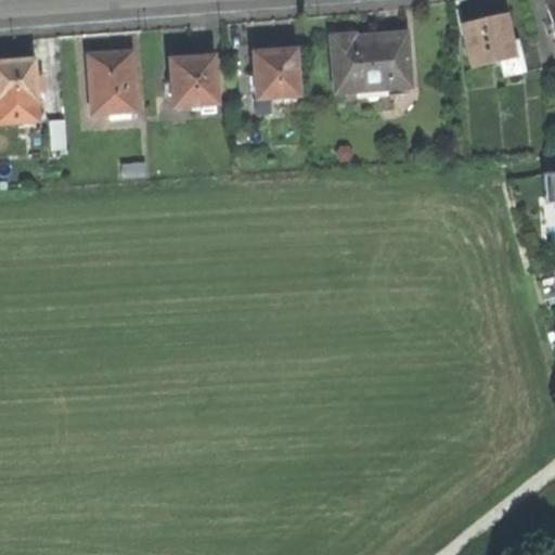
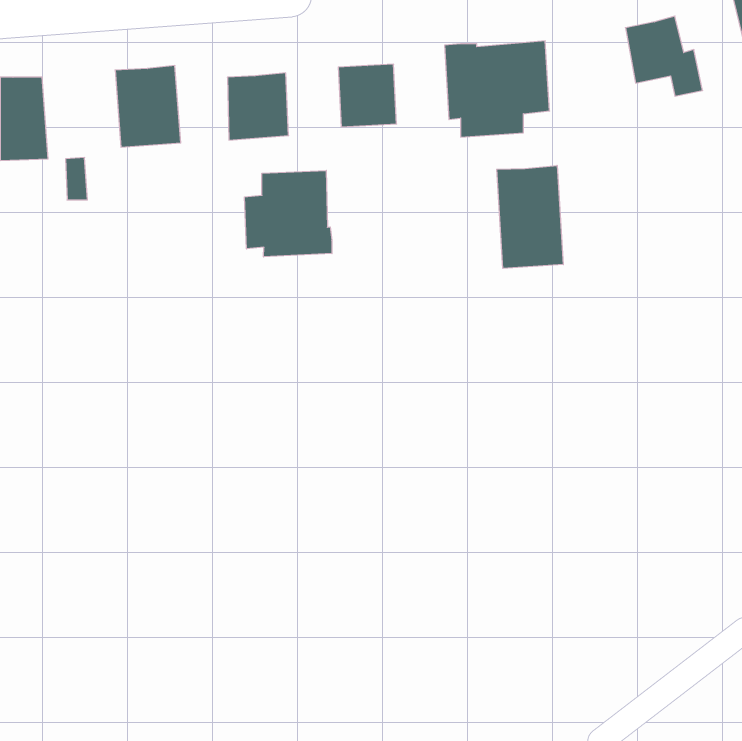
building: none -> [497,165,563,268]
building: none -> [245,170,332,257]

